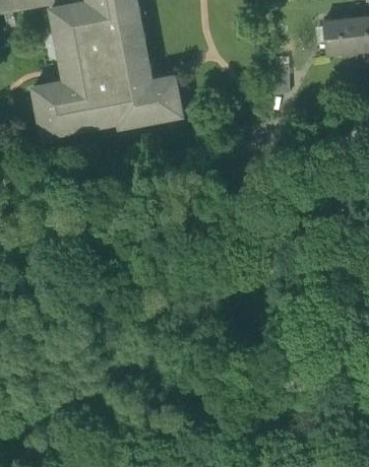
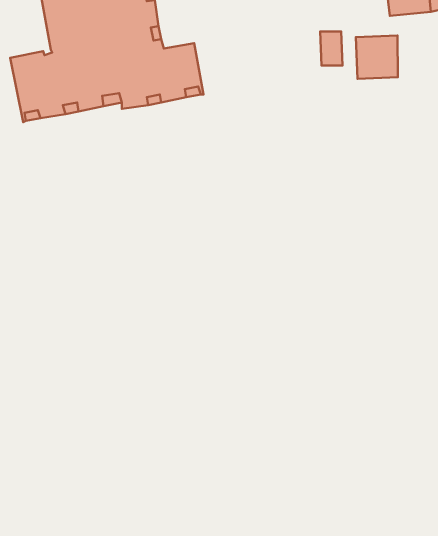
building: none -> [356,36,398,79]

